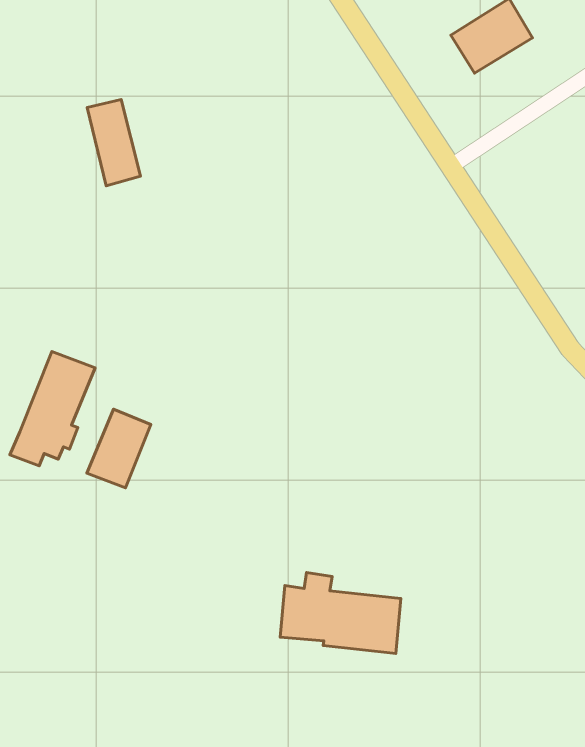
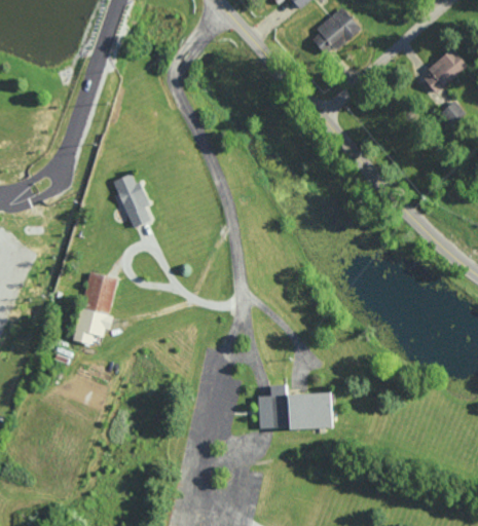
building: [87,99,140,186] -> [113,173,153,228]
building: [87,409,151,488] -> none

